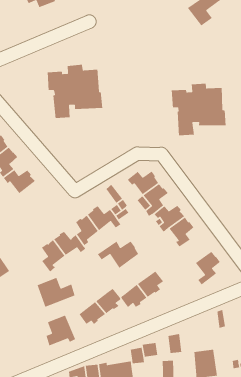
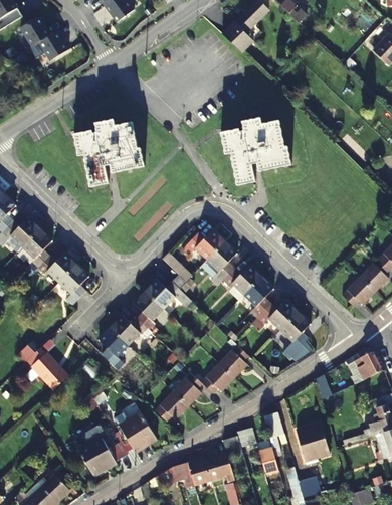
building: none -> [62,264,91,305]
building: none -> [251,300,297,330]
building: [97,240,139,269] -> none
building: [37,277,76,308] -> [78,436,127,474]

